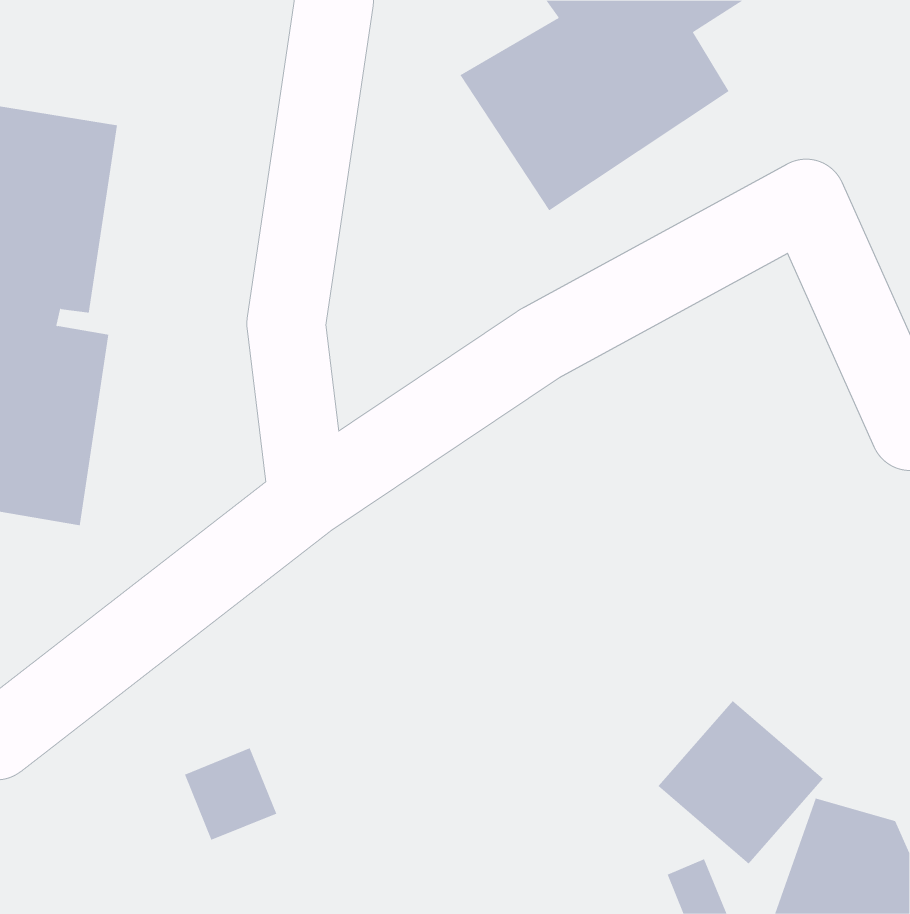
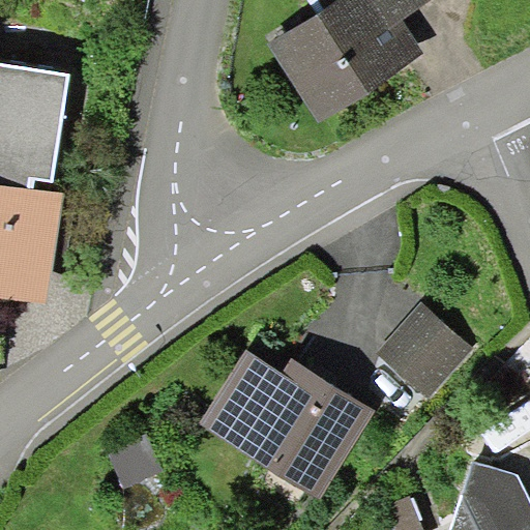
building: none -> [197,348,373,498]
building: [657,700,824,865] -> [377,302,473,398]

